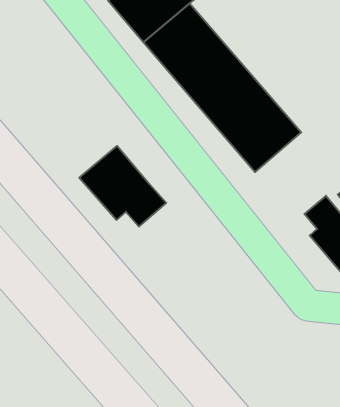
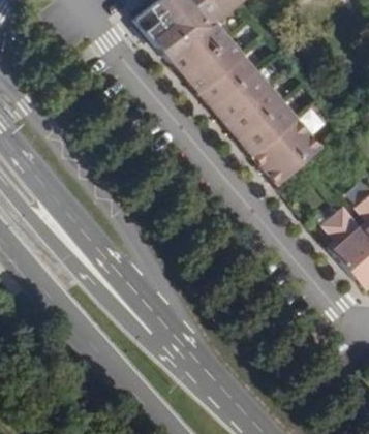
building: [79,146,166,227] -> none

